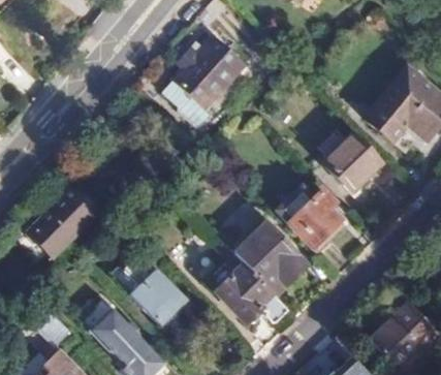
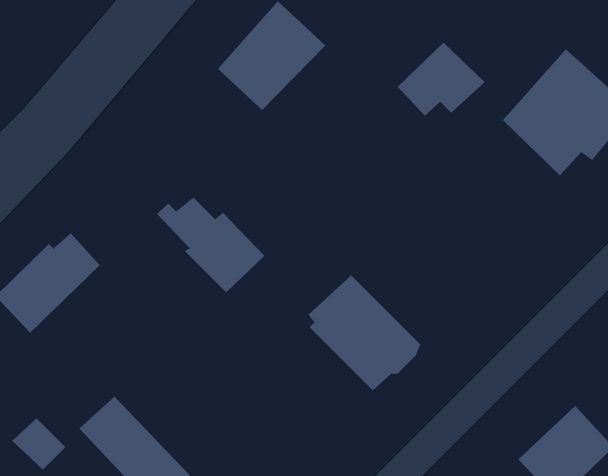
building: [323,133,382,183] -> [397,42,485,117]
building: [289,188,345,251] -> none
building: [111,257,183,321] -> [156,197,265,293]
building: [214,262,287,323] -> none

